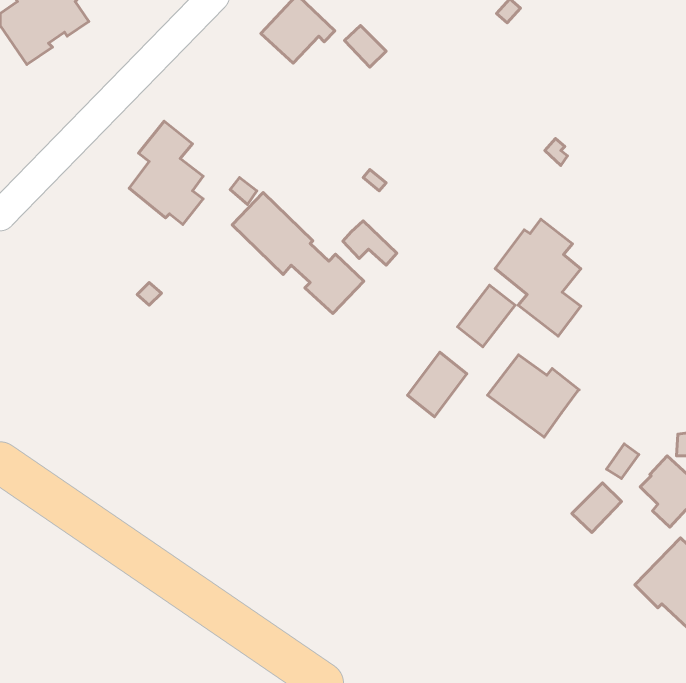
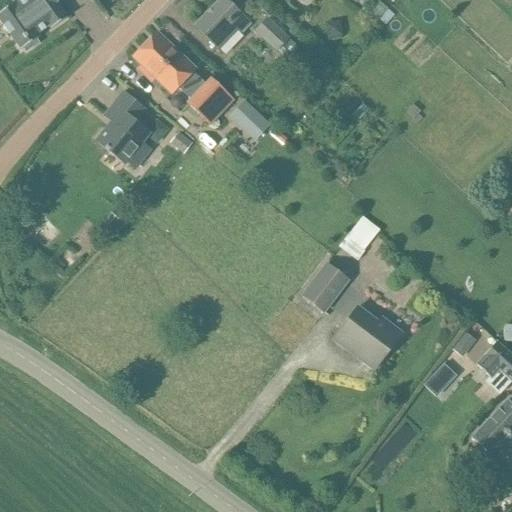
building: [232,192,364,313] -> [134,31,232,121]
building: [495,219,581,336] -> none
building: [343,221,397,265] -> [230,99,270,132]
building: [488,355,579,437] -> [334,306,402,367]

